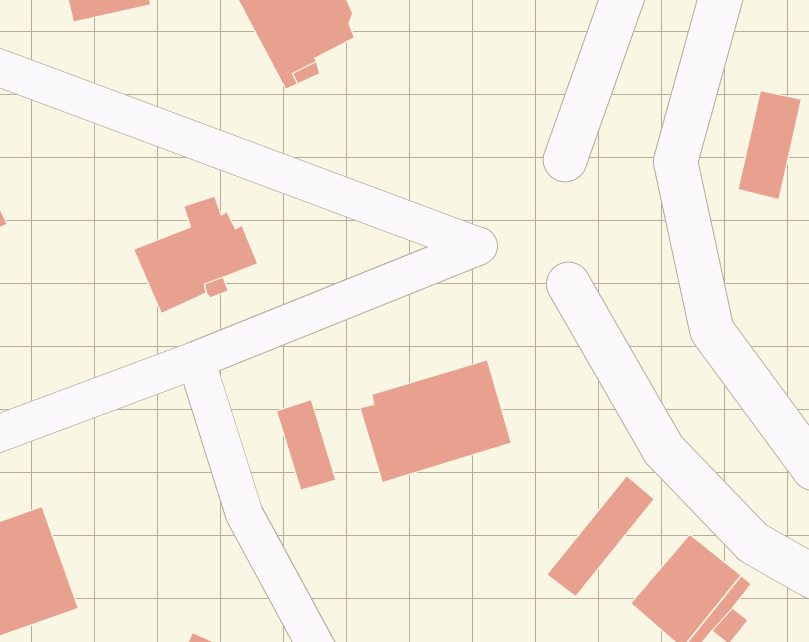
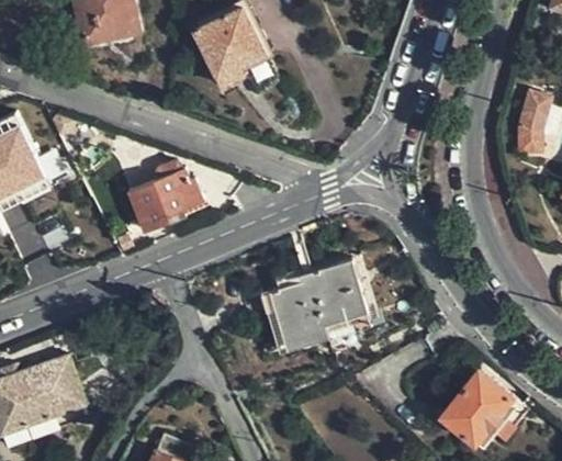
building: [277,400,336,490] -> none
building: [546,476,655,597] -> none

